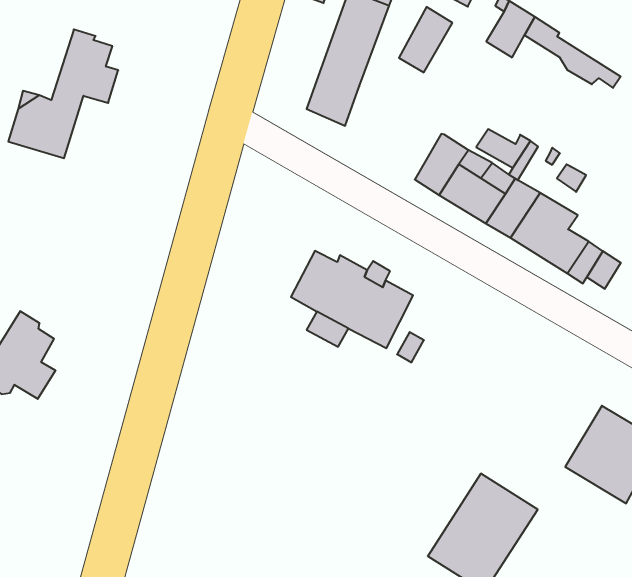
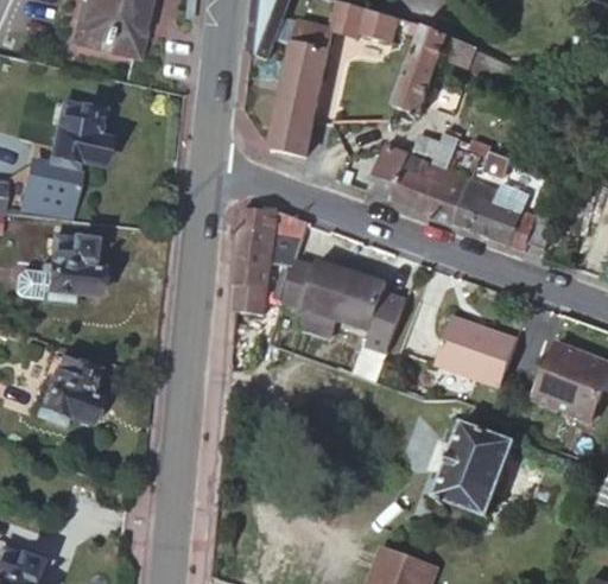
building: [399,7,452,72] -> [393,62,432,116]
building: none -> [39,227,101,296]
building: none -> [234,207,309,312]
building: none -> [435,316,518,389]

